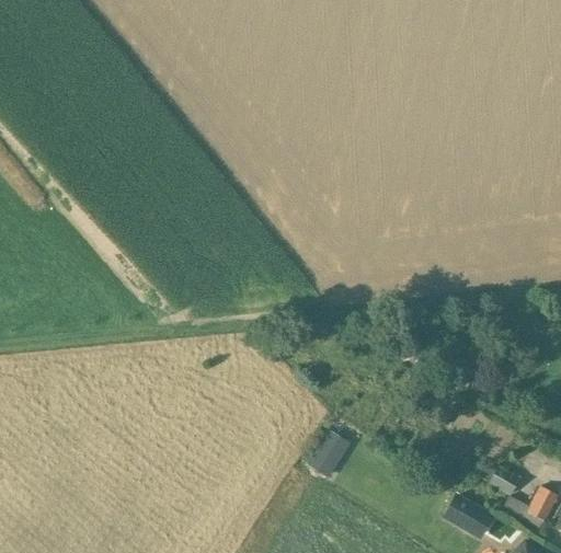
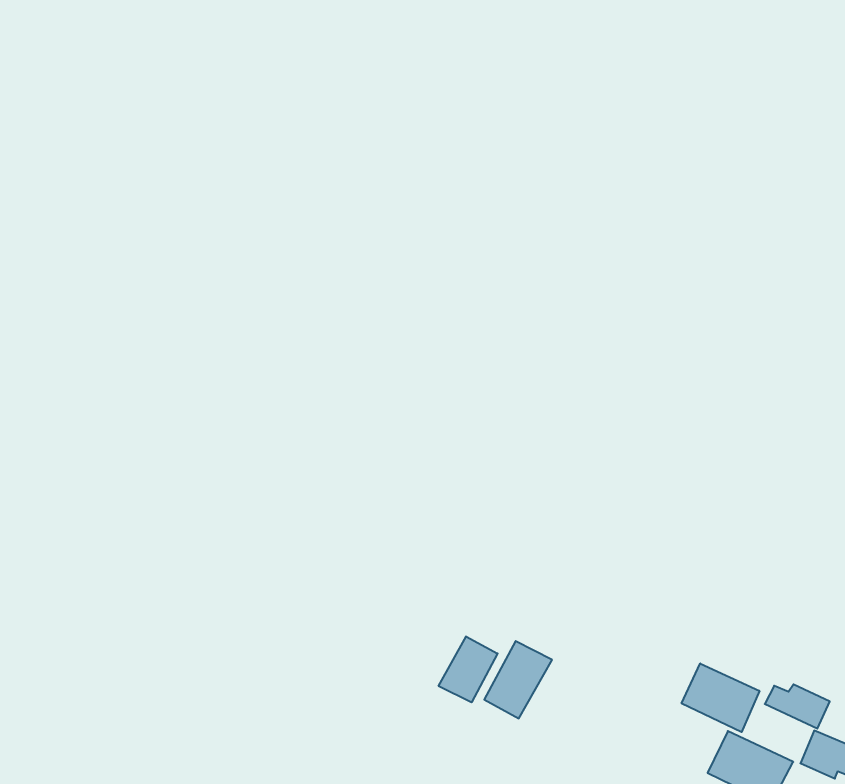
building: none -> [439,636,498,702]
building: none -> [682,663,759,732]

